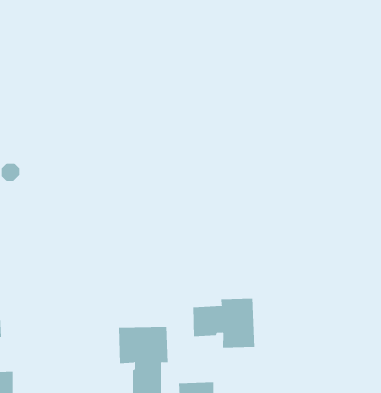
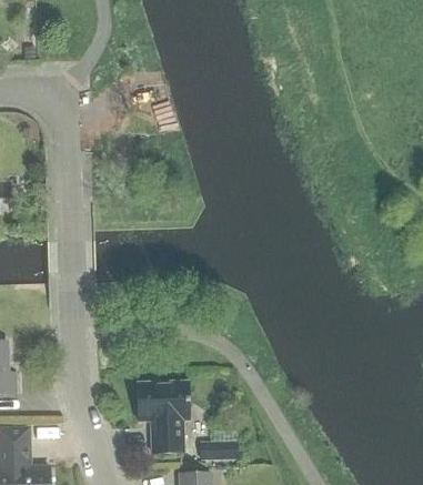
building: [193,298,255,348] -> none

